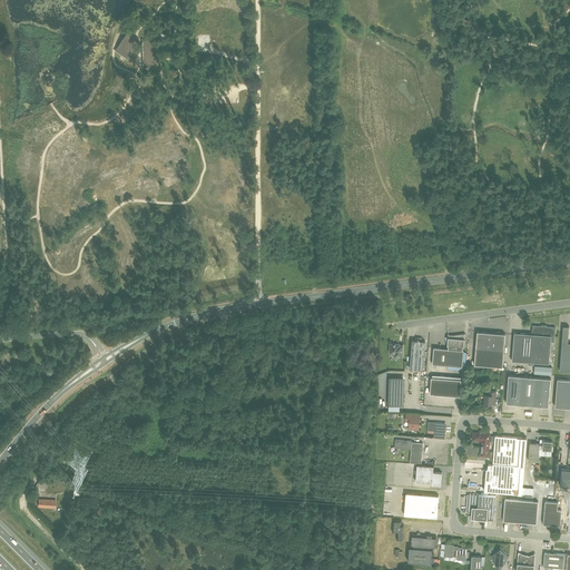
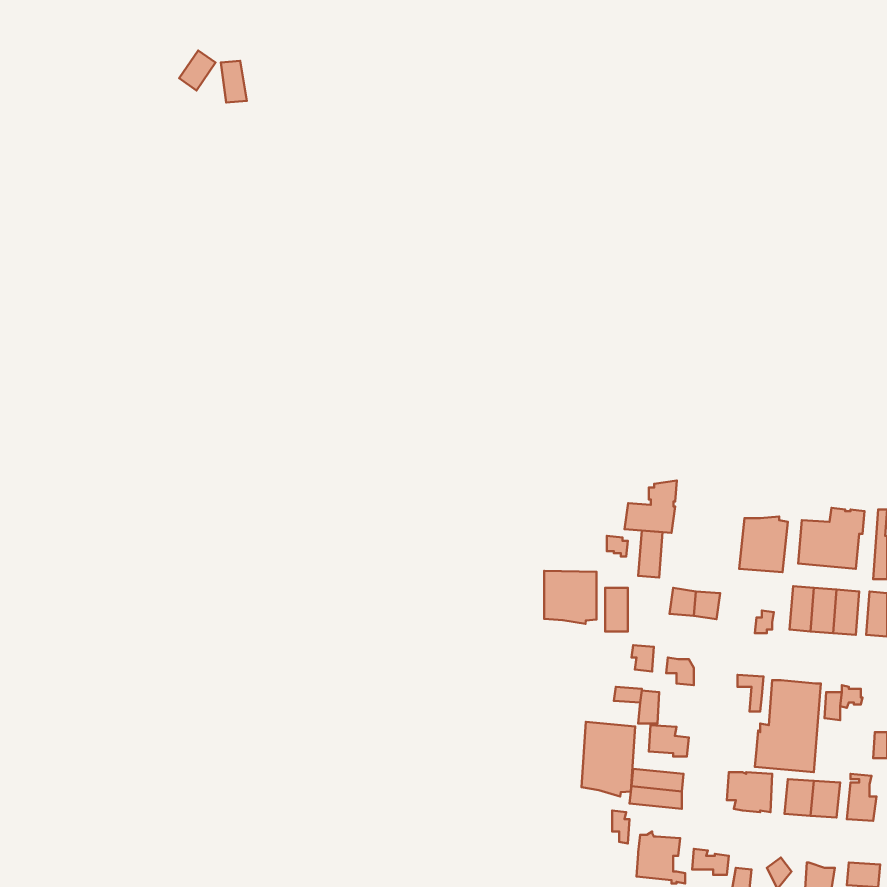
building: [431,334,464,367] -> [625,480,677,533]
building: none -> [544,571,597,624]
building: none -> [582,722,635,796]

